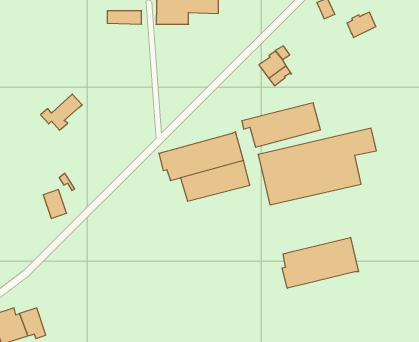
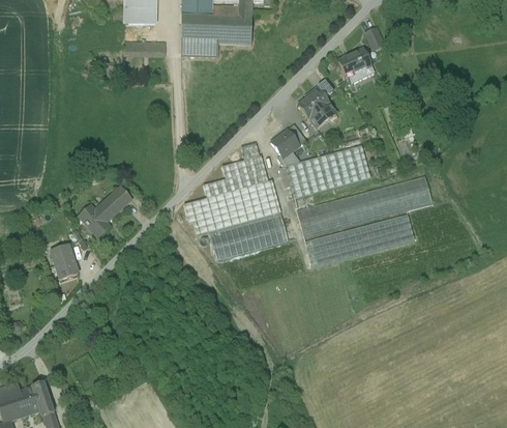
building: [347,12,376,37] -> [337,49,370,78]
building: none -> [271,130,300,158]
building: [41,94,82,130] -> [79,191,126,232]
building: none -> [203,155,267,198]
building: [282,237,359,288] -> none

